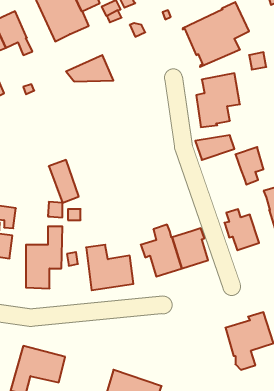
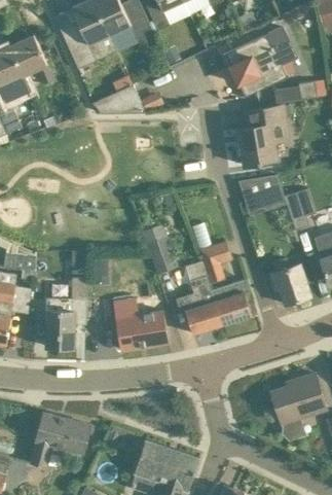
building: [49,160,79,203] -> [142,225,176,274]
building: none -> [198,242,231,283]

